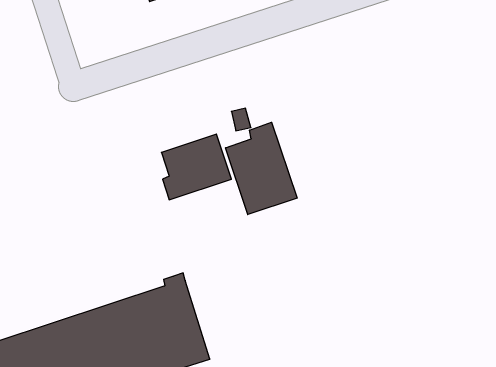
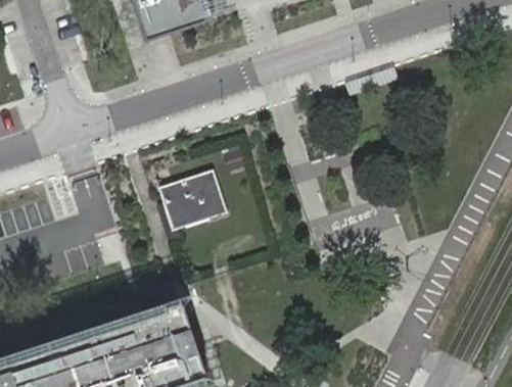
building: [226,122,297,215] -> none

